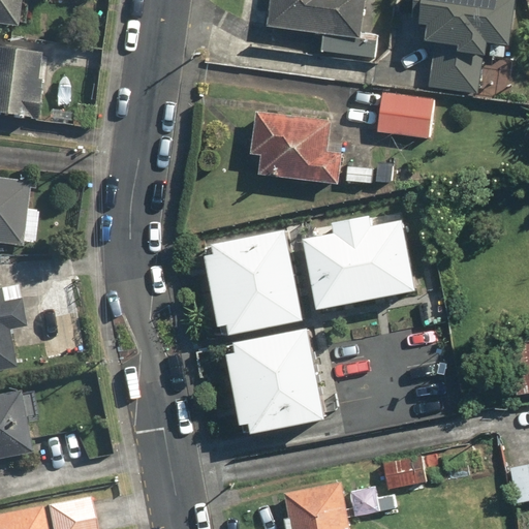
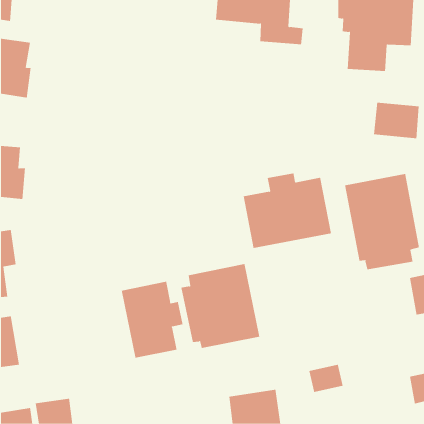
building: [376,92,434,137] -> [373,102,420,139]
building: [251,112,340,183] -> none
building: none -> [344,173,420,270]
building: [206,228,301,333] -> none
building: none -> [121,281,183,359]

